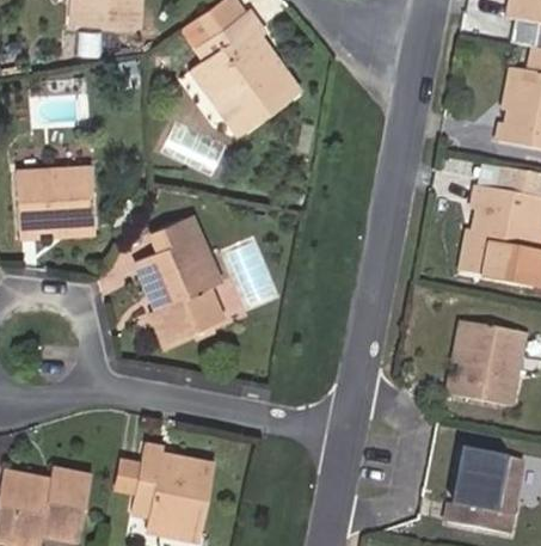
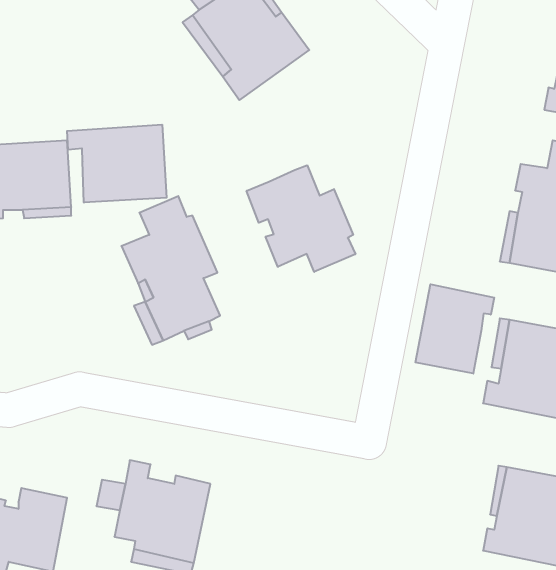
building: none -> [67,125,167,203]
building: none -> [247,165,355,272]
building: none -> [415,284,494,374]

